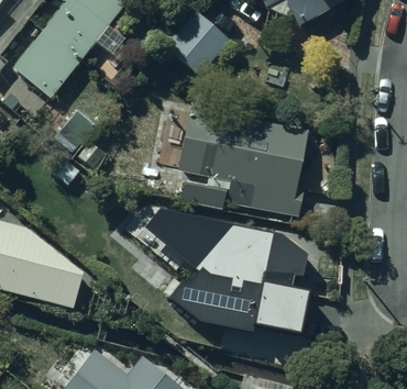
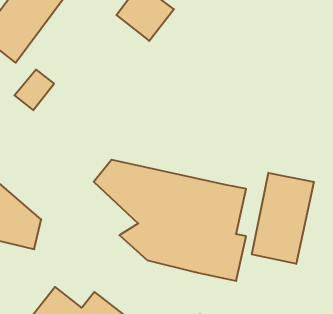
building: [177,108,307,210] -> none
building: none -> [252,173,314,264]

